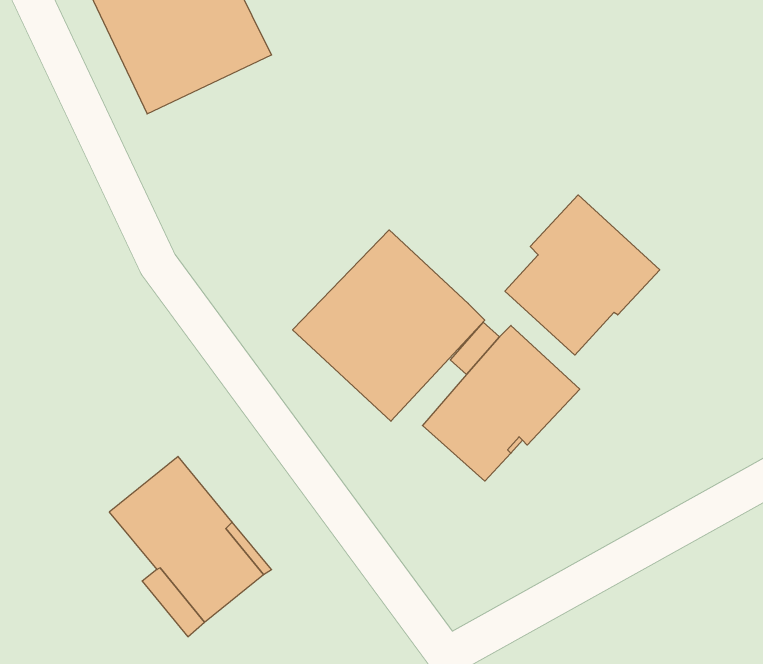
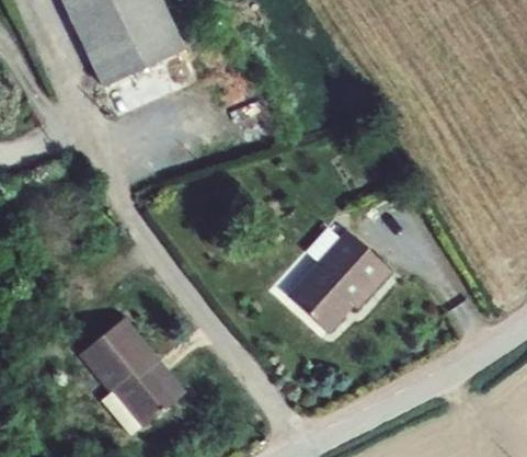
building: [505,195,660,355] -> none
building: [293,230,485,421] -> none

